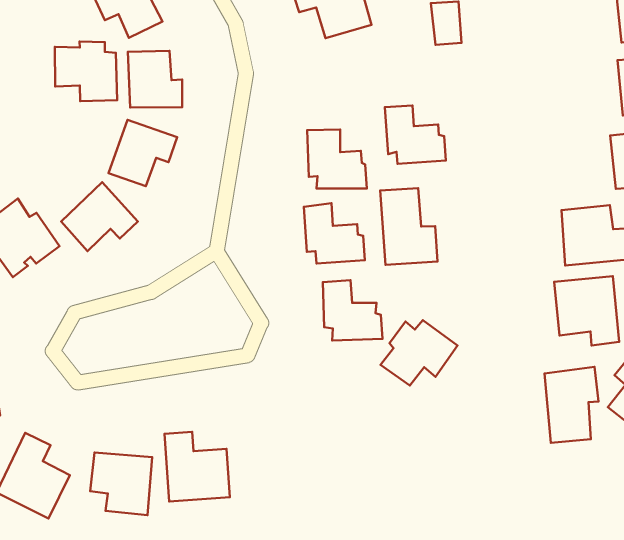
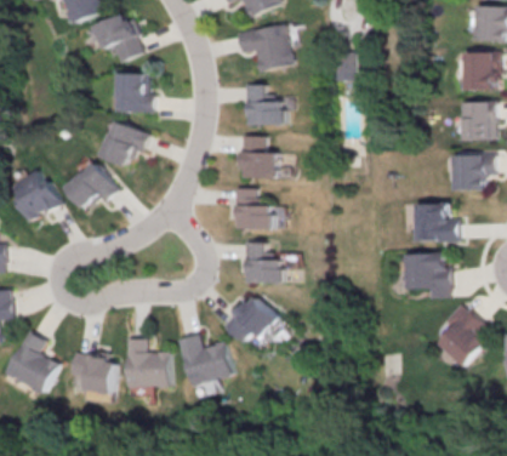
building: [55,42,117,101] -> none
building: [385,105,446,164] -> [245,85,285,125]
building: [380,188,437,265] -> none
building: [381,320,458,385] -> [223,296,278,341]
building: [545,367,598,443] -> none
building: none -> [178,334,232,384]

